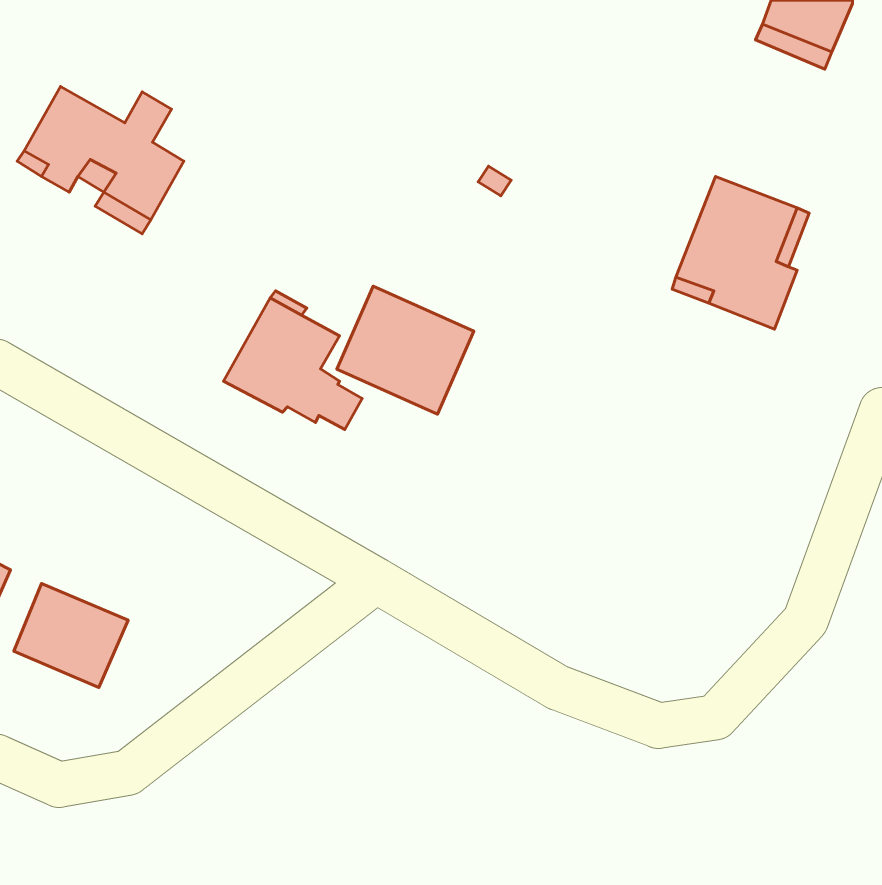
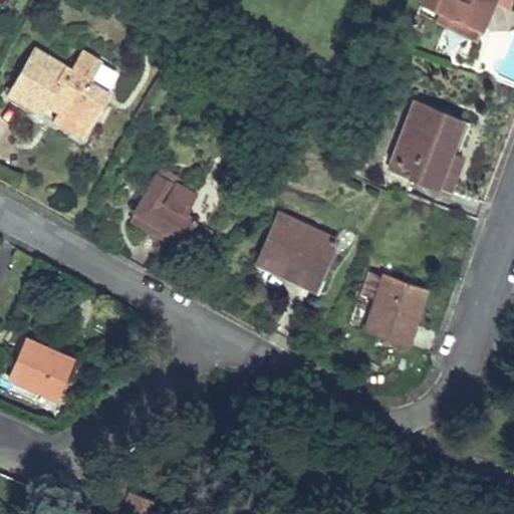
building: [337,286,474,414] -> [257,214,336,288]
building: none -> [364,274,426,344]

